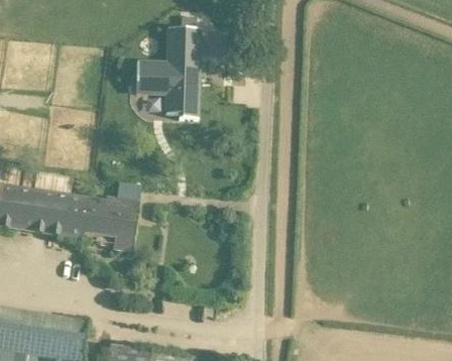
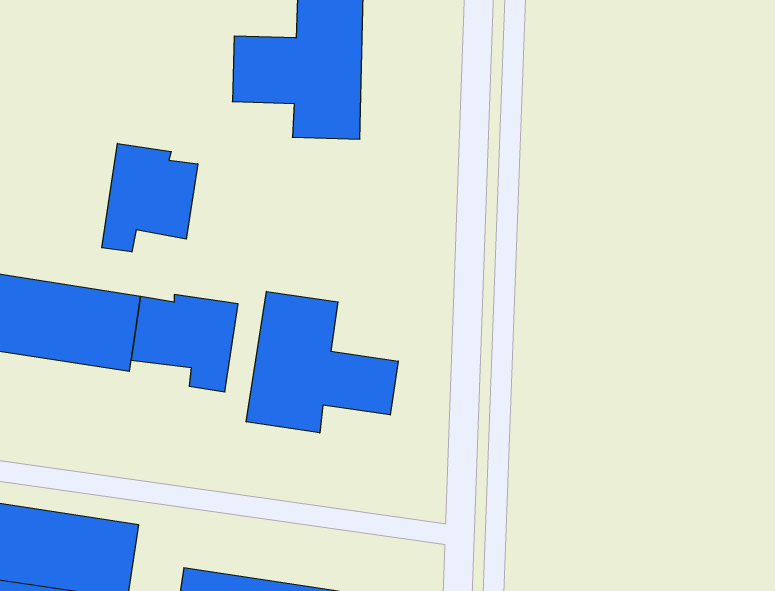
building: none -> [102,143,198,252]
building: none -> [246,291,398,433]

